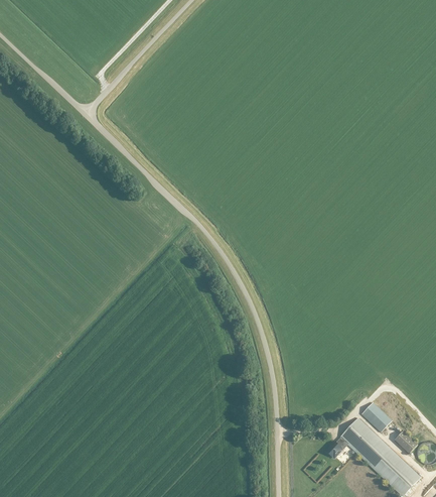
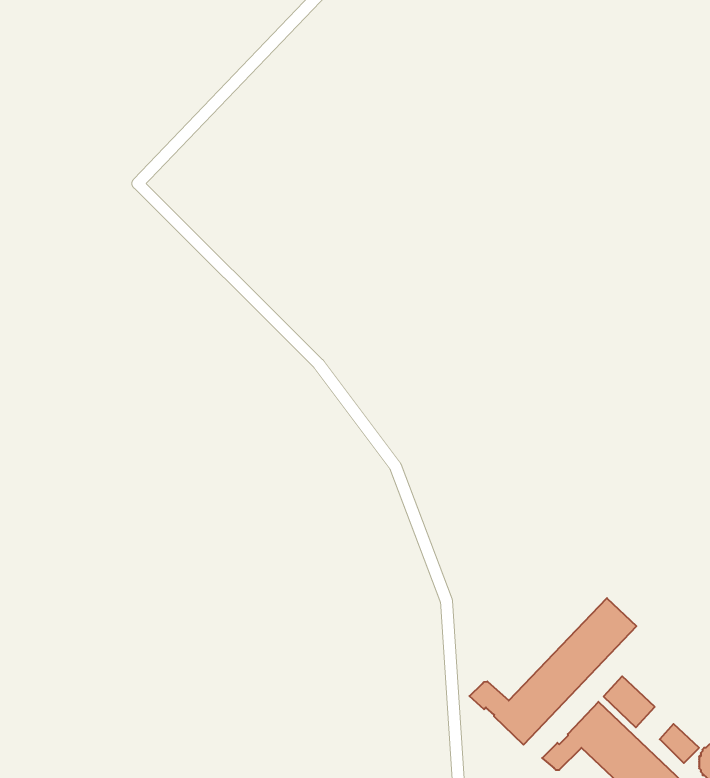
building: none -> [469,598,636,745]

